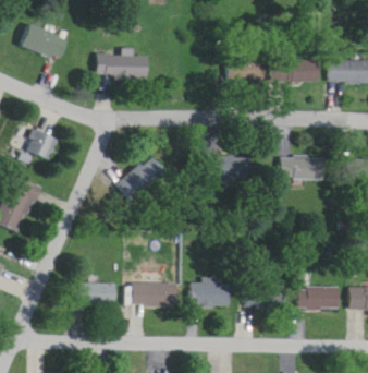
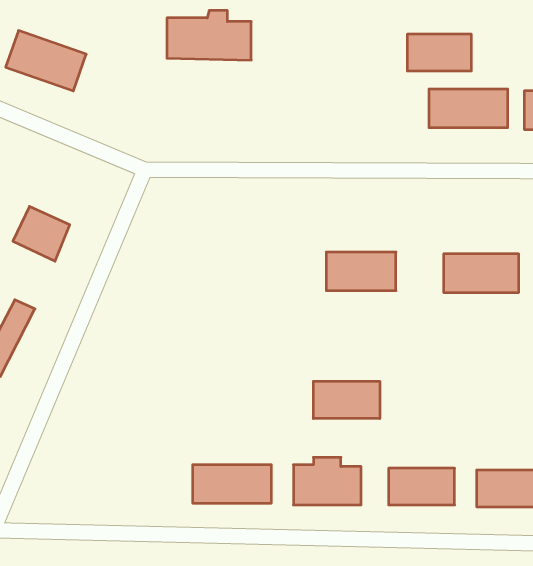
building: [97,49,147,79] -> [167,11,251,60]
building: [226,59,265,81] -> [407,34,471,71]
building: [115,156,167,204] -> none
building: none -> [313,381,380,419]
building: [82,282,115,306] -> none

